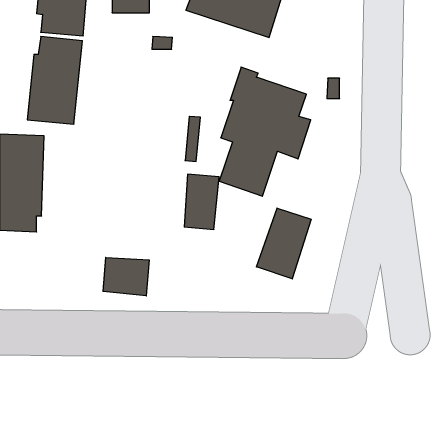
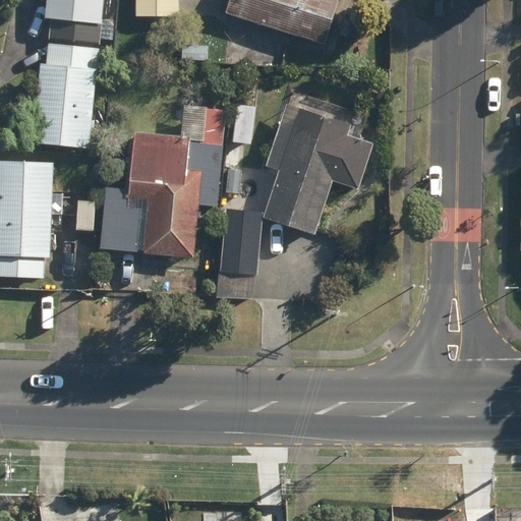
building: none -> [99,109,225,256]
building: [256,208,311,279] -> none
building: [103,257,149,296] -> none

